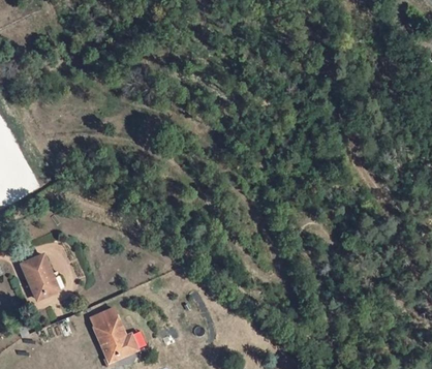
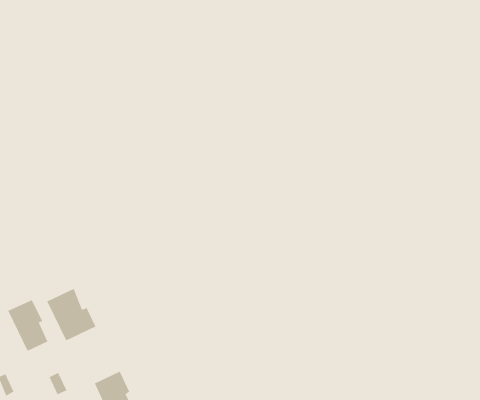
building: none -> [46,288,97,341]

